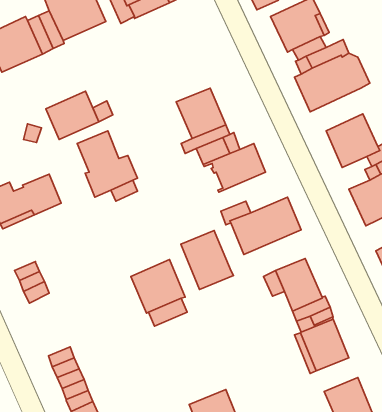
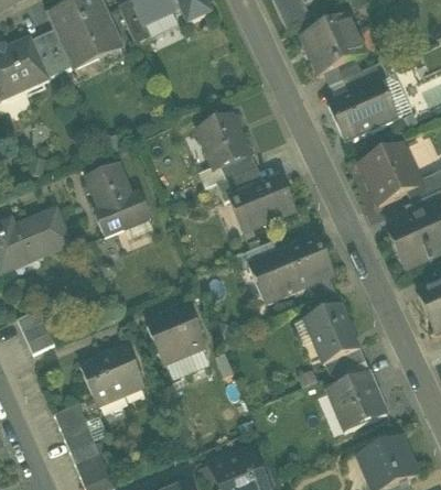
building: [46,91,99,140] -> none
building: [181,231,233,290] -> none
building: none -> [83,344,144,404]

